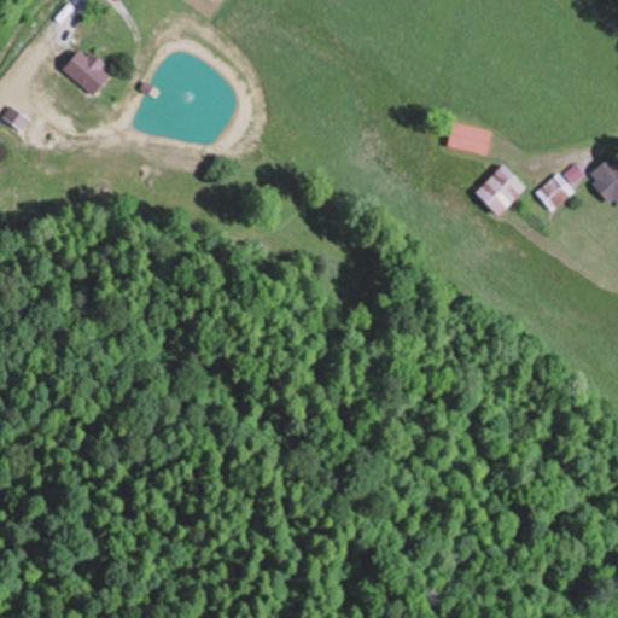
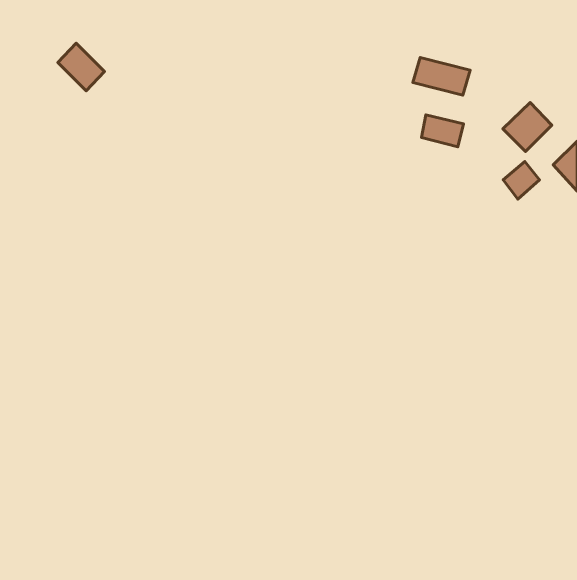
building: none -> [413,58,470,95]
building: [476,164,527,216] -> [503,103,552,151]

